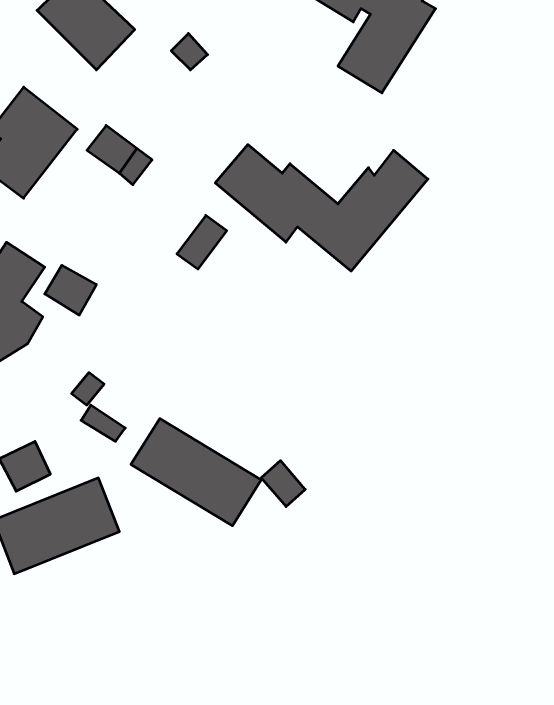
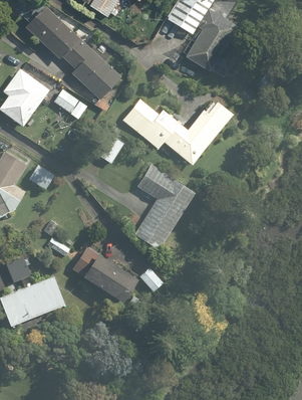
building: none -> [62,41,119,102]
building: none -> [139,163,198,246]

